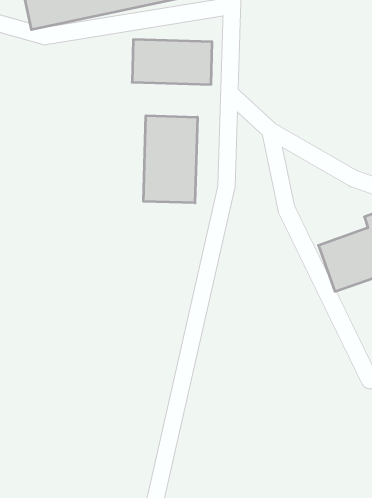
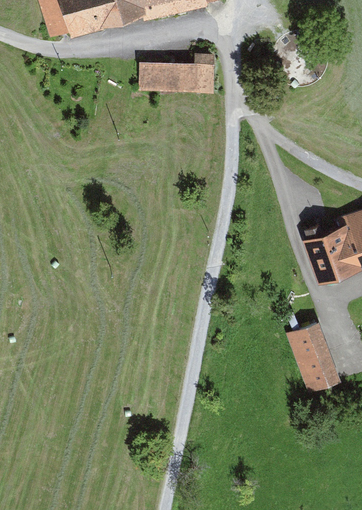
building: [144,116,197,203] -> none
building: none -> [285,316,346,390]

